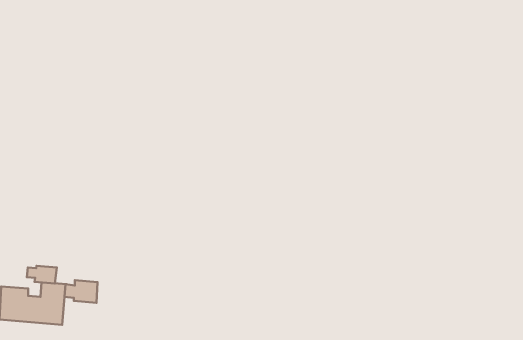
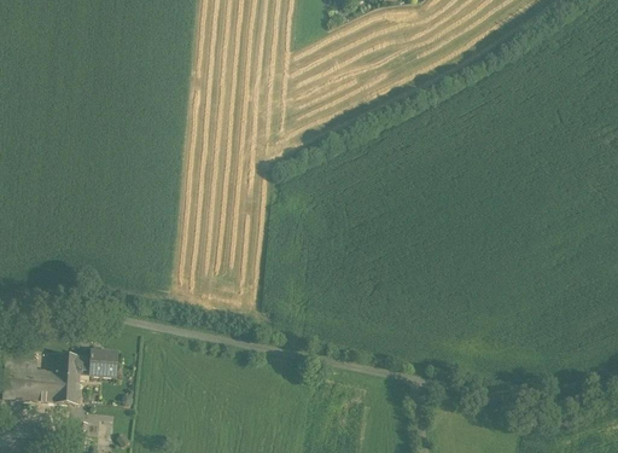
building: [27,266,57,283] -> none

